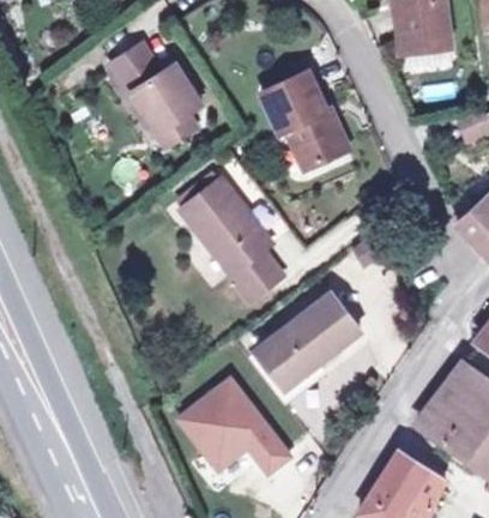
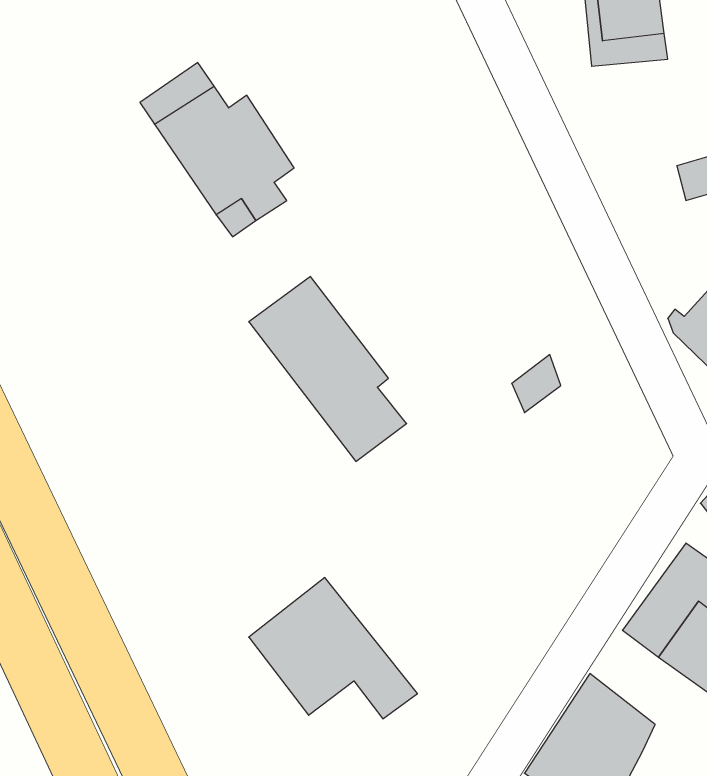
building: [265,77,351,173] -> none
building: [254,296,360,394] -> none

